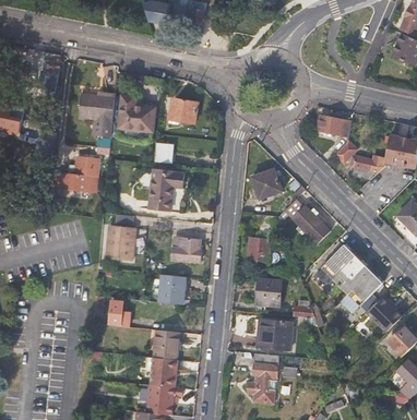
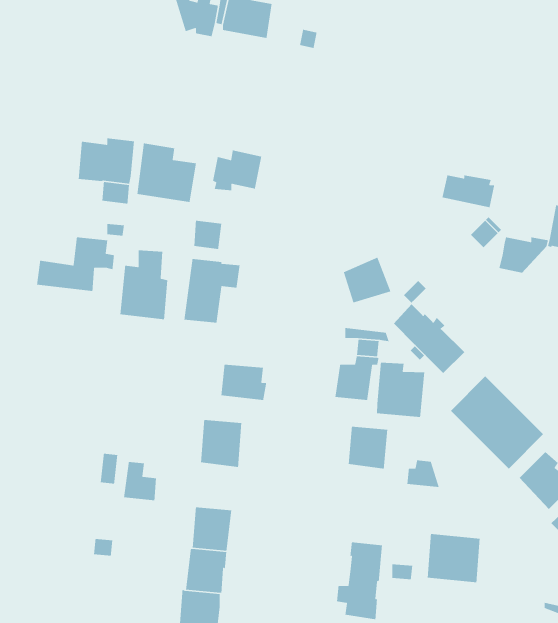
building: [104,215,135,261] -> [119,250,168,320]
building: none -> [376,362,425,418]
building: [257,319,291,351] -> [427,533,480,583]

